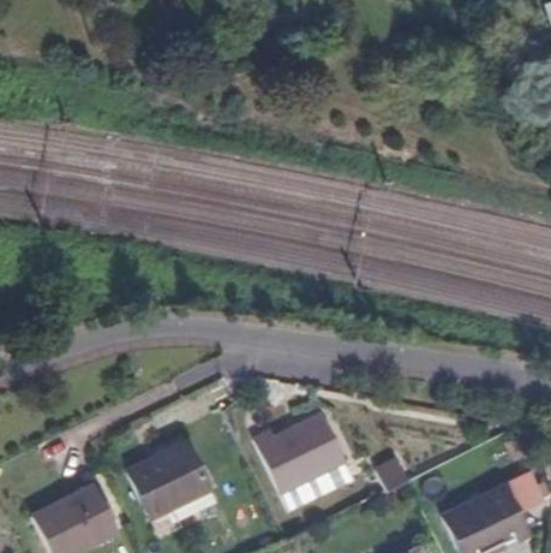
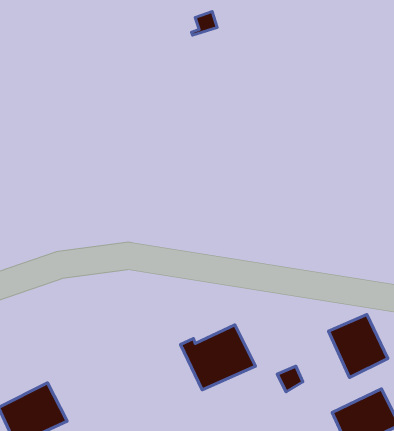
building: none -> [328,314,388,378]
building: [130,442,216,518] -> none

